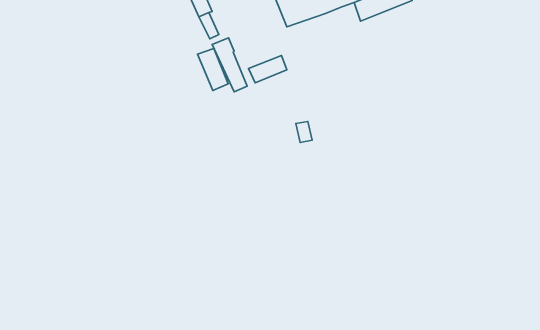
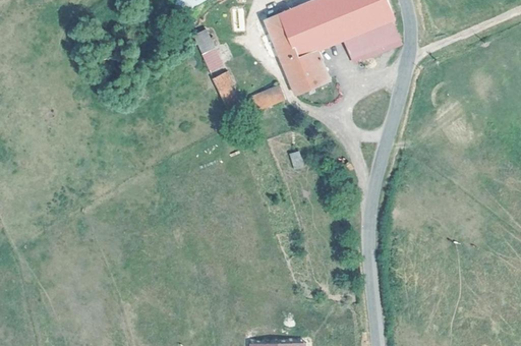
building: none -> [282,48,330,94]
building: [198,48,228,91] -> none

